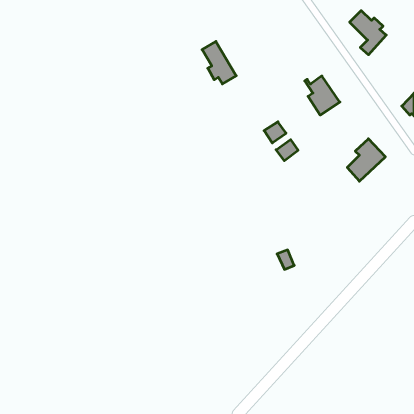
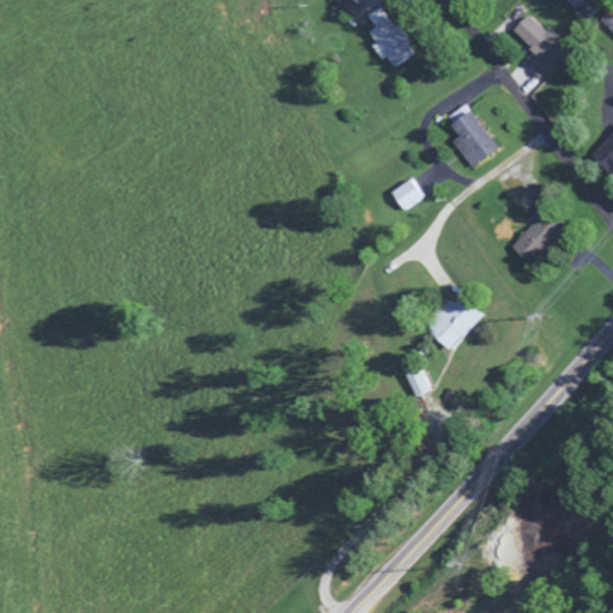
building: [202,41,236,84] -> [363,5,413,67]
building: [276,140,298,161] -> none
building: none -> [431,292,486,348]

